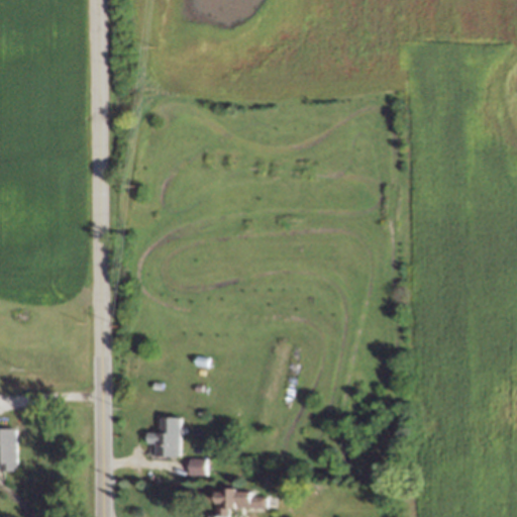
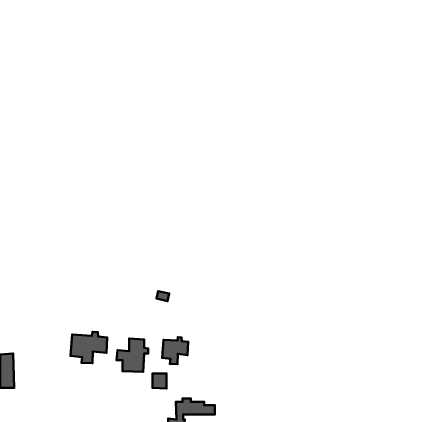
building: none -> [71,332,107,363]
building: none -> [162,337,188,364]

